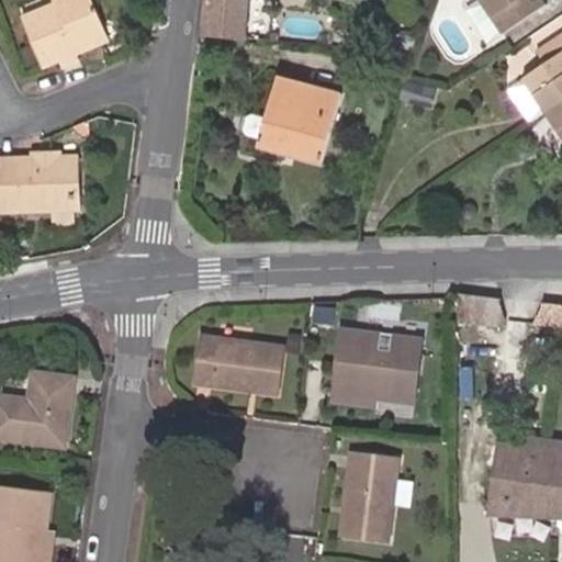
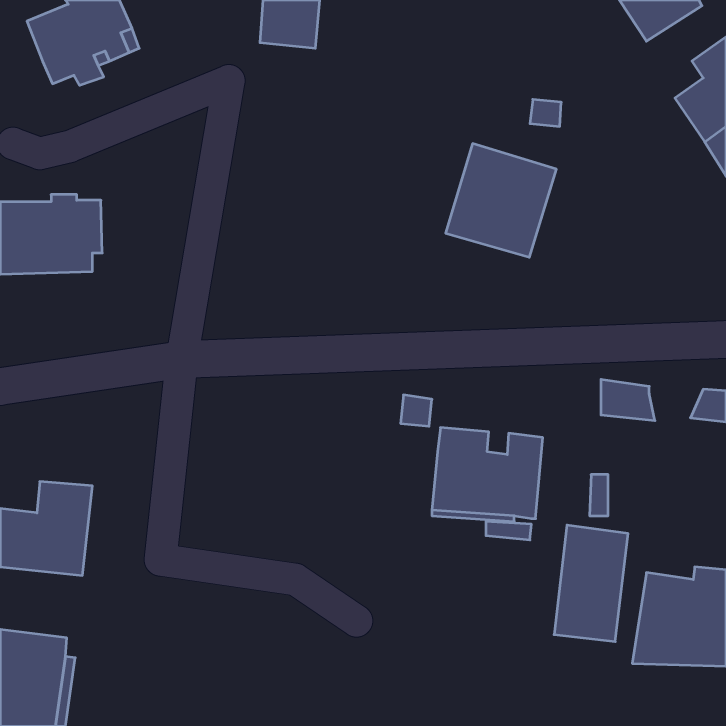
building: [257,77,342,165] -> [446,144,556,257]
building: [196,338,282,393] -> none
building: [340,449,397,539] -> [554,525,628,642]

